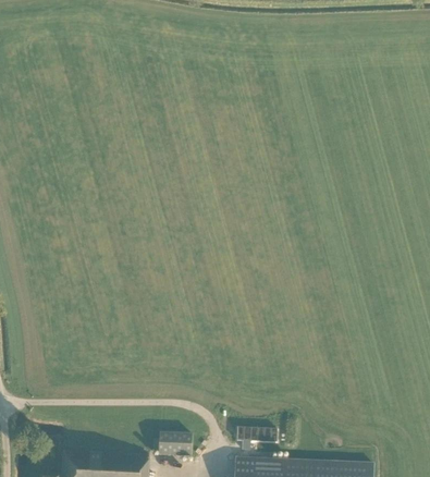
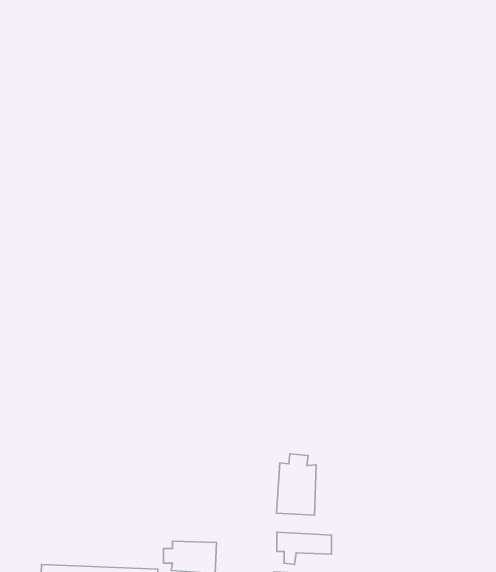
building: none -> [276,454,316,515]

